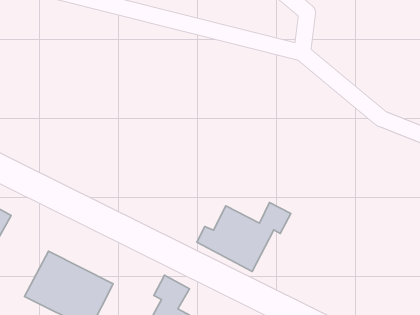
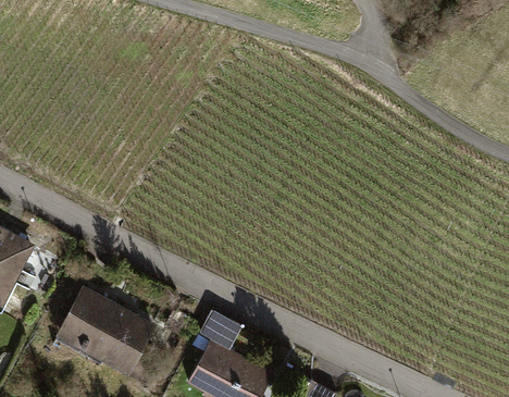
building: [197,202,291,271] -> none

